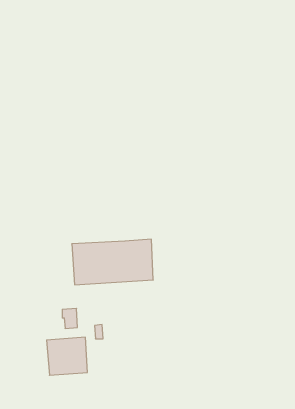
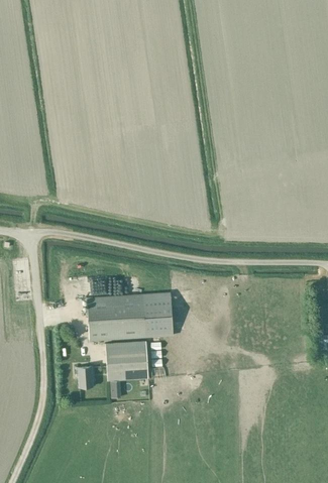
building: [47,337,87,375] -> [105,341,148,381]

